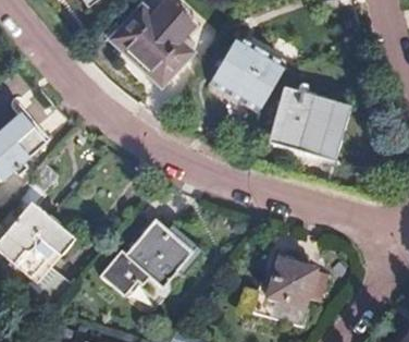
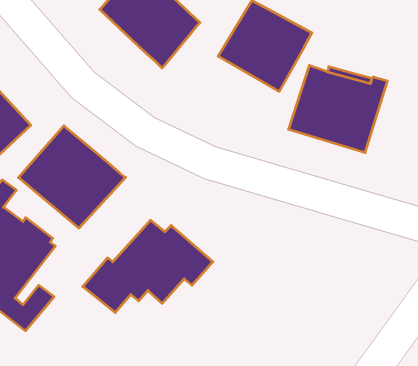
building: none -> [18,126,126,228]
building: [252,259,314,331] -> none

